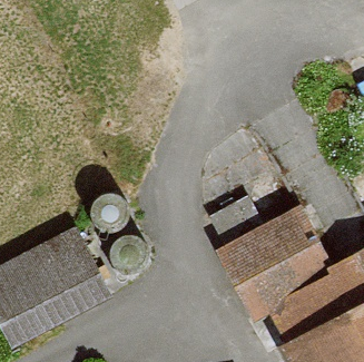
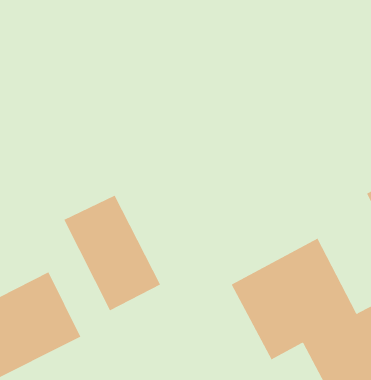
building: none -> [64,195,161,311]

